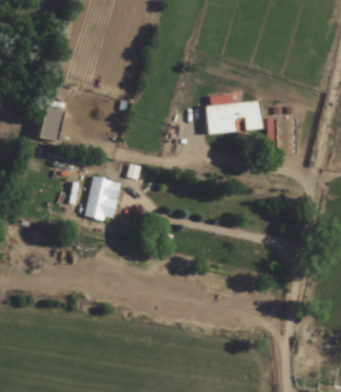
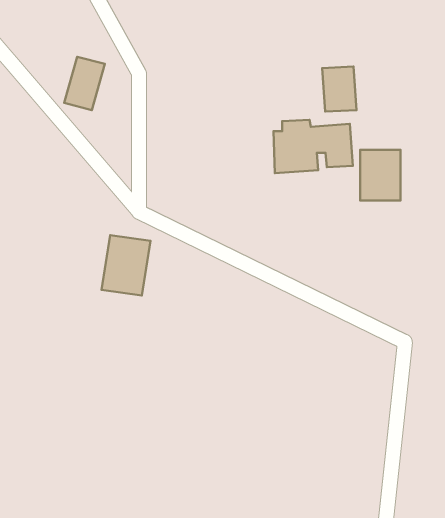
building: none -> [322,66,356,112]
building: [36,104,64,142] -> [64,57,105,110]

